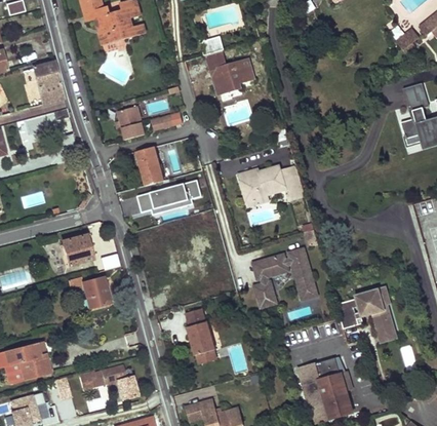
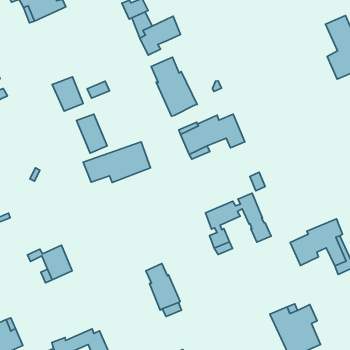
building: none -> [151,57,197,116]
building: [62,234,94,266] -> none

